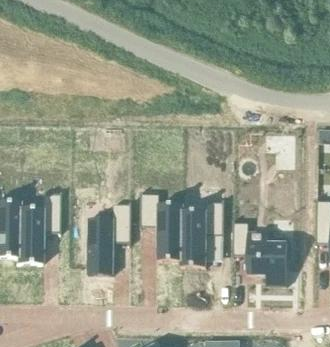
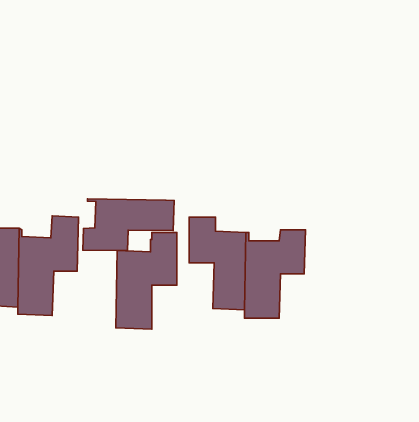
building: none -> [83,199,174,250]
building: [232,221,287,285] -> none

